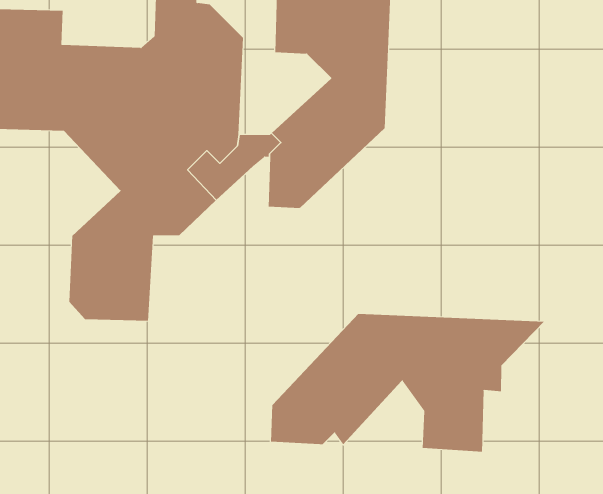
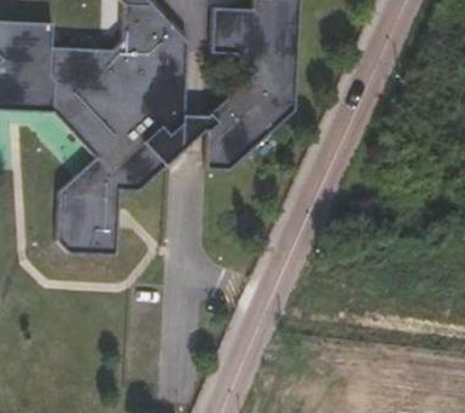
building: [270,313,545,452] -> none

